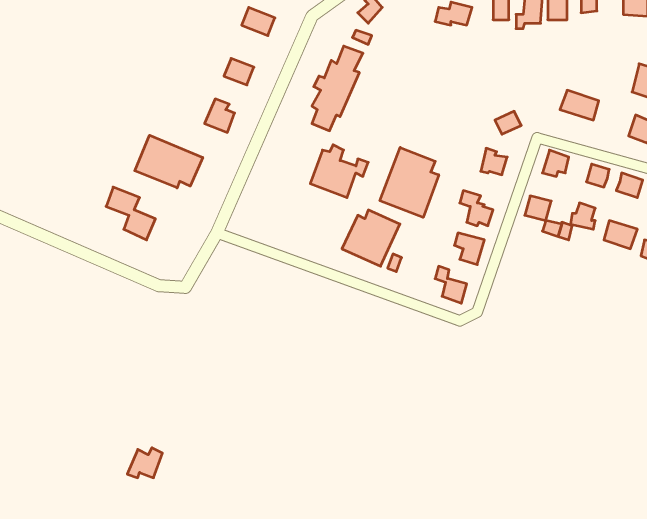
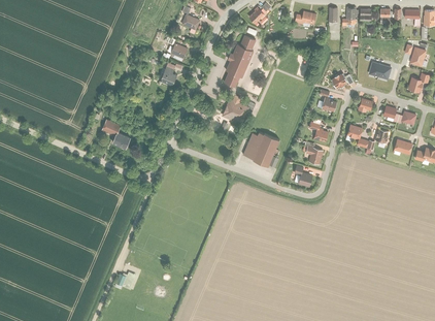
building: [135,135,203,188] -> none
building: [380,147,439,217] -> none

